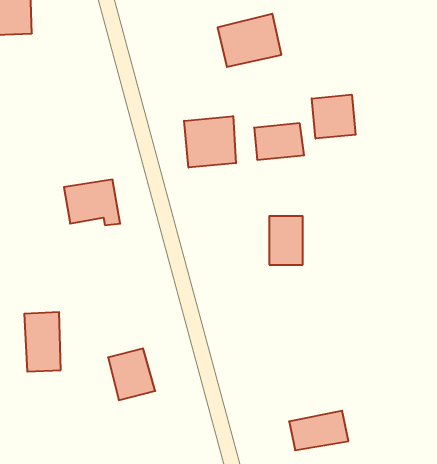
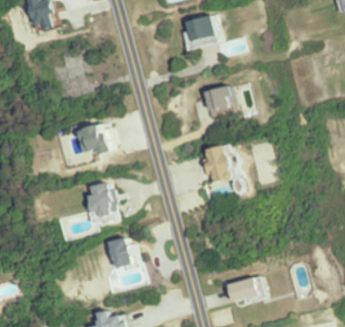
building: [312,95,356,139] -> none
building: [184,116,236,168] -> none
building: [24,312,61,372] -> [88,184,112,223]

